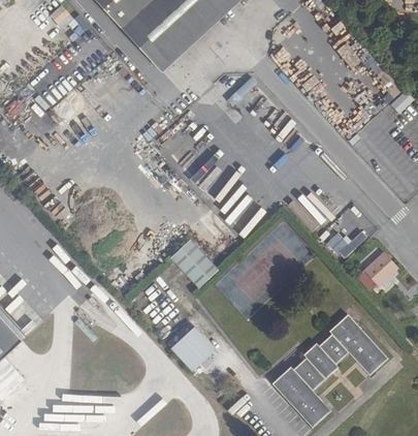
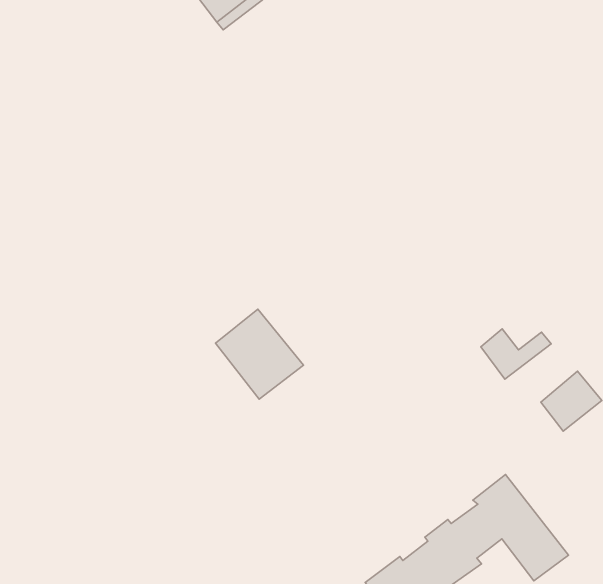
building: [168,326,212,370] -> none

